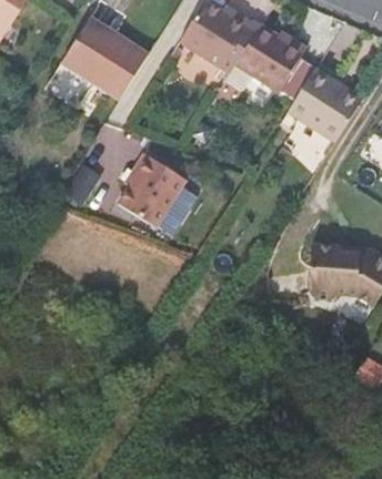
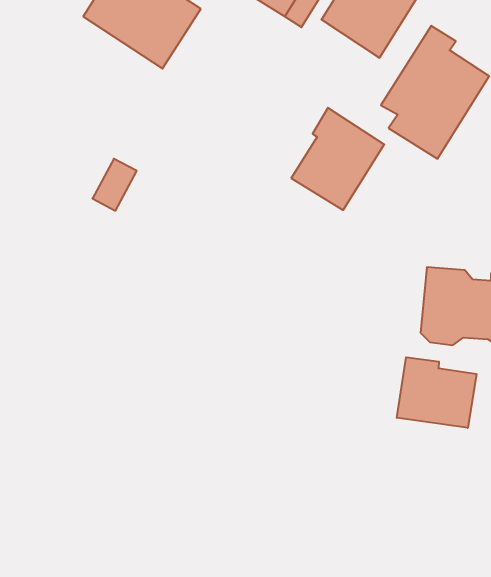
building: [118,152,185,226] -> [291,108,384,210]
building: none -> [397,357,476,428]

